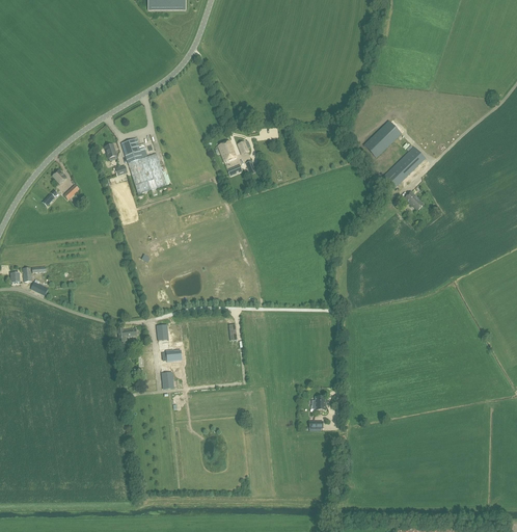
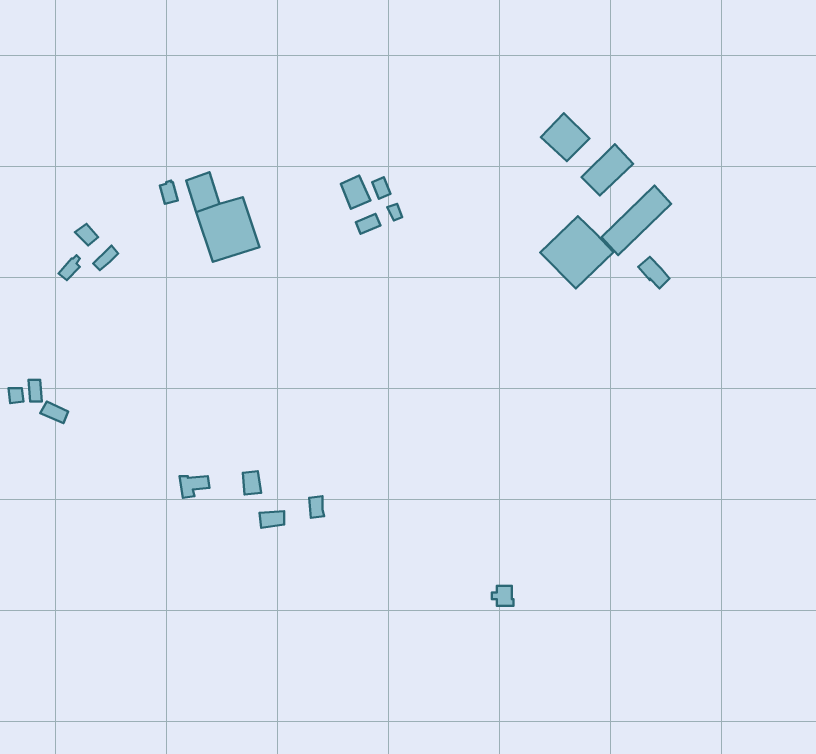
building: none -> [541,113,589,161]
building: none -> [540,216,613,289]

